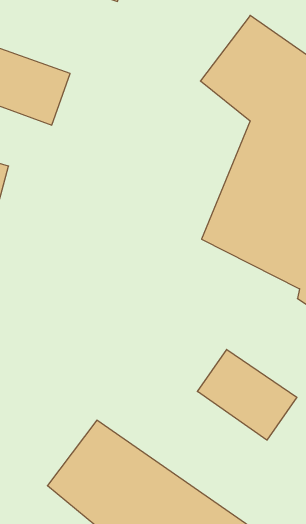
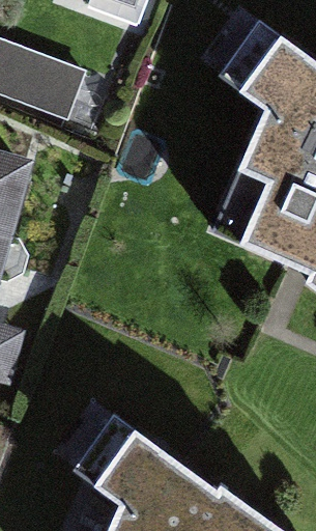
building: [197,349,297,440] -> none

